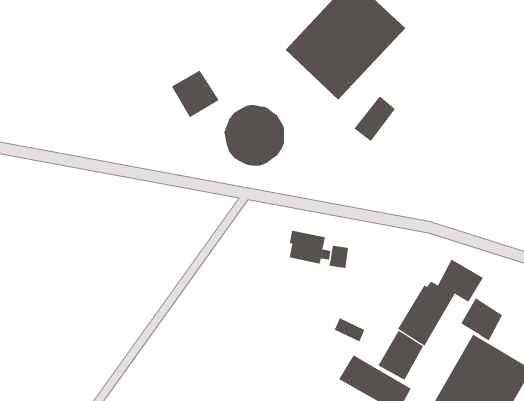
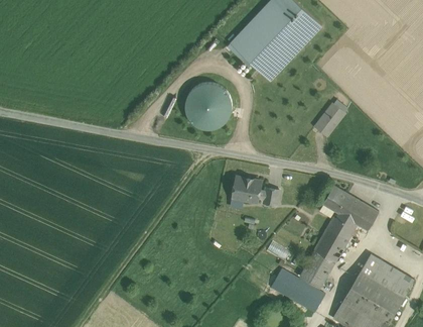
building: [171,70,219,118] -> none
building: [353,96,396,142] -> [313,103,344,137]
building: [460,297,503,341] -> [322,185,354,217]

